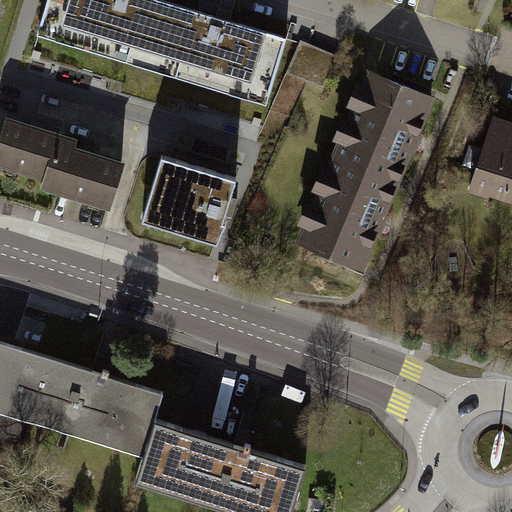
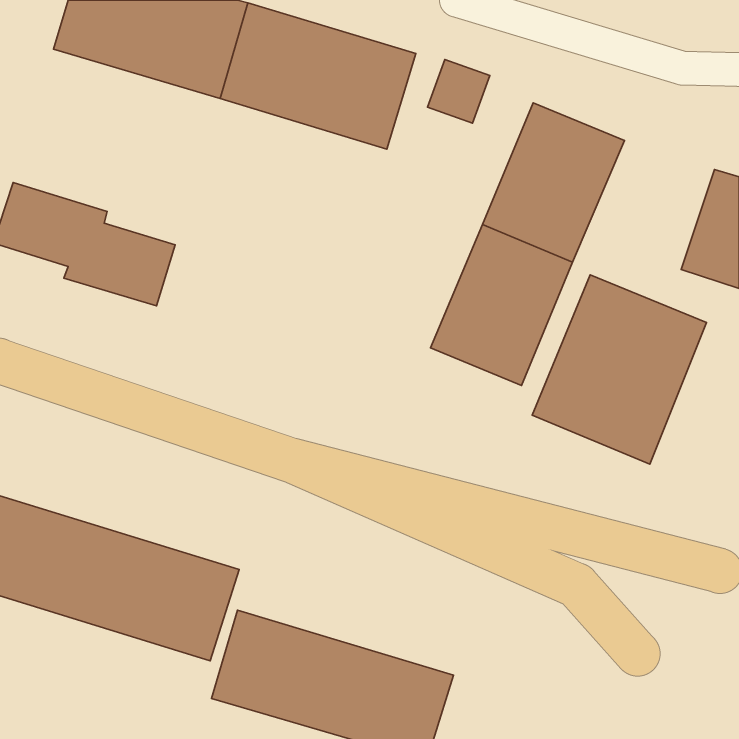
building: [133,160,225,244] -> none
building: none -> [532,275,707,464]

